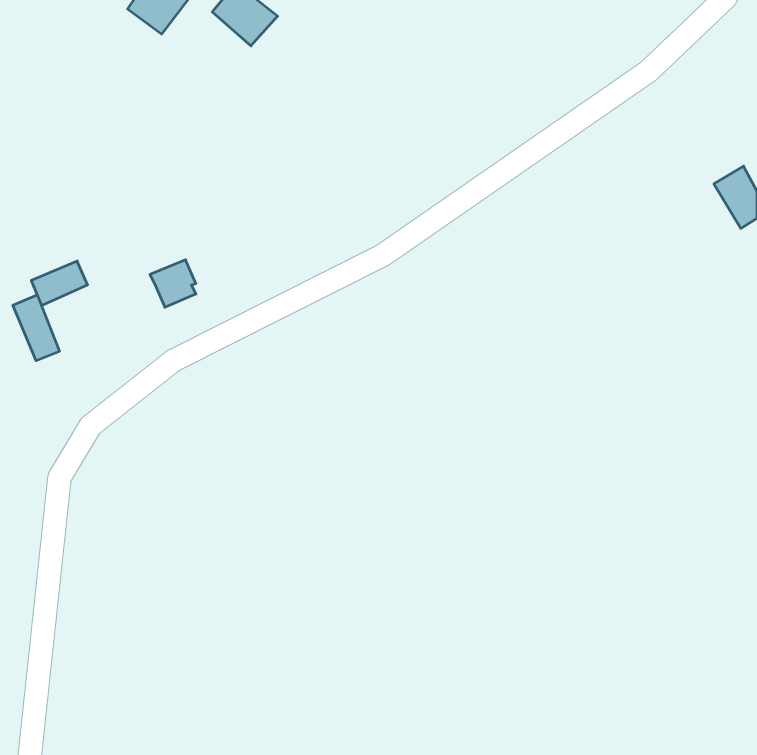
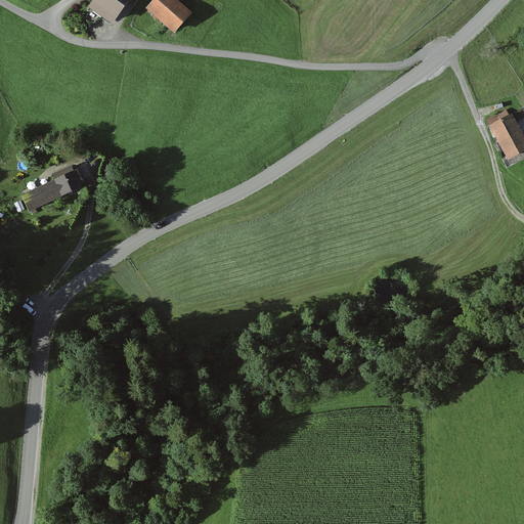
building: [150,260,196,307] -> [50,164,82,196]
building: [13,295,59,361] -> none

